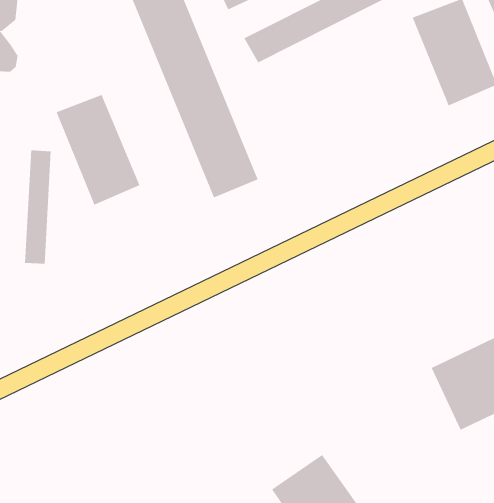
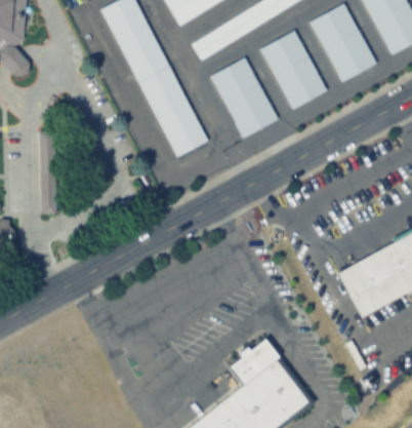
building: none -> [261,30,326,109]
building: none -> [212,57,277,138]
building: [56,94,140,205] -> none

